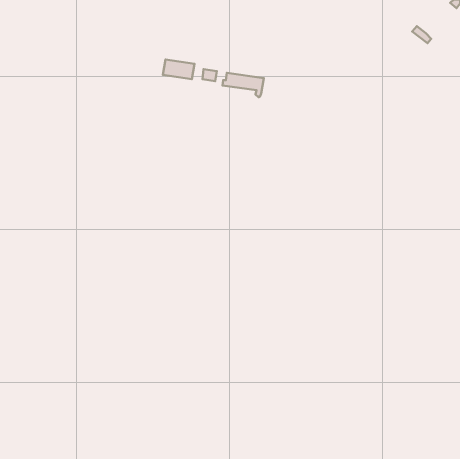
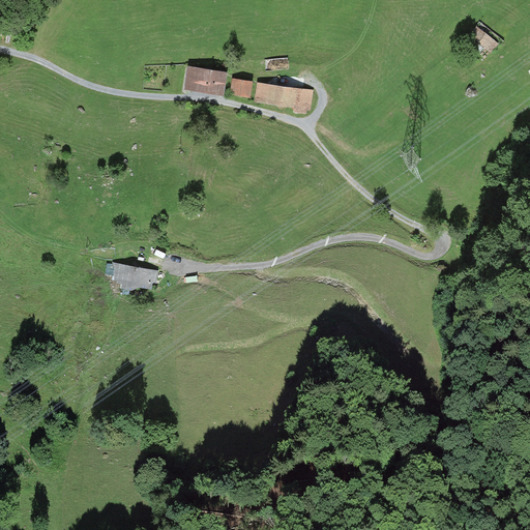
building: none -> [114,264,156,288]

